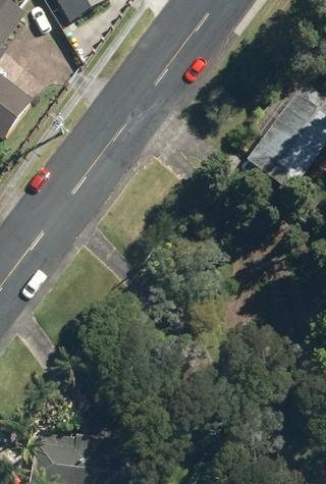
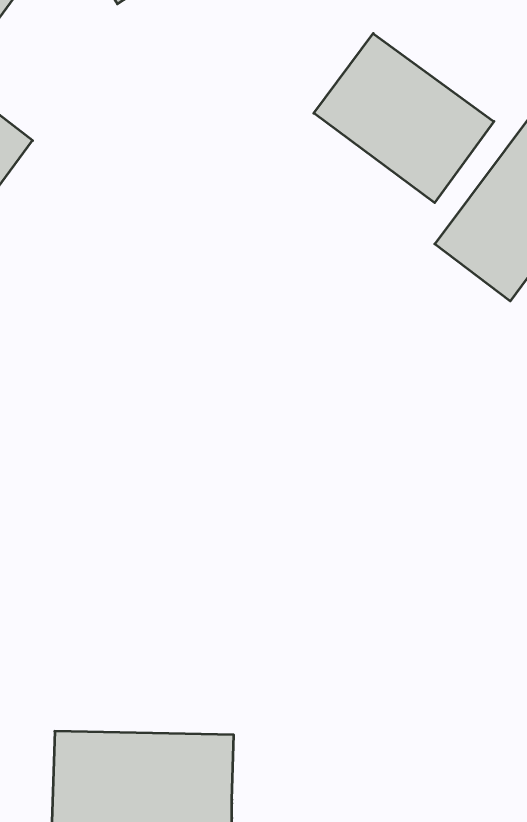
building: none -> [314,33,494,203]

